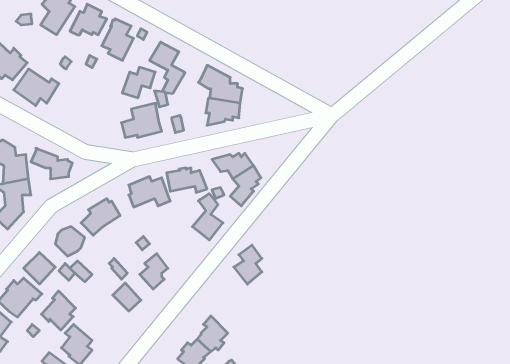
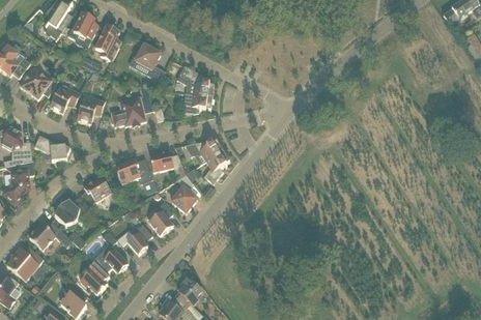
building: [122,67,155,98] -> [77,95,105,121]
building: none -> [50,83,80,111]
building: [234,245,262,284] -> [148,201,172,234]
building: [41,291,76,330] -> [80,260,109,293]

